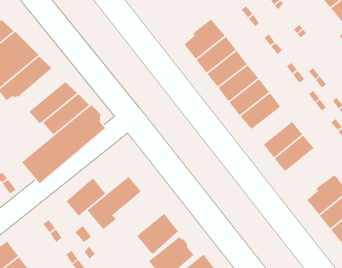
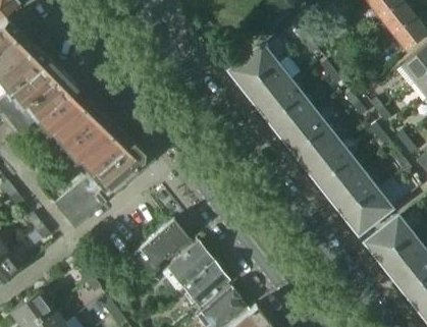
building: none -> [49,99,102,147]
building: none -> [308,142,353,183]
building: none -> [344,187,393,231]
building: [66,177,106,217] -> [166,240,211,284]

